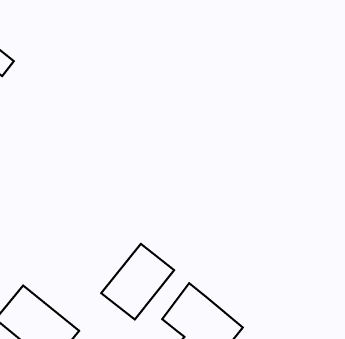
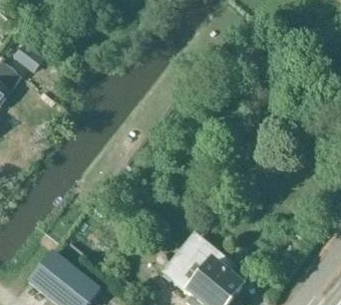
building: [101,244,174,320] -> none

